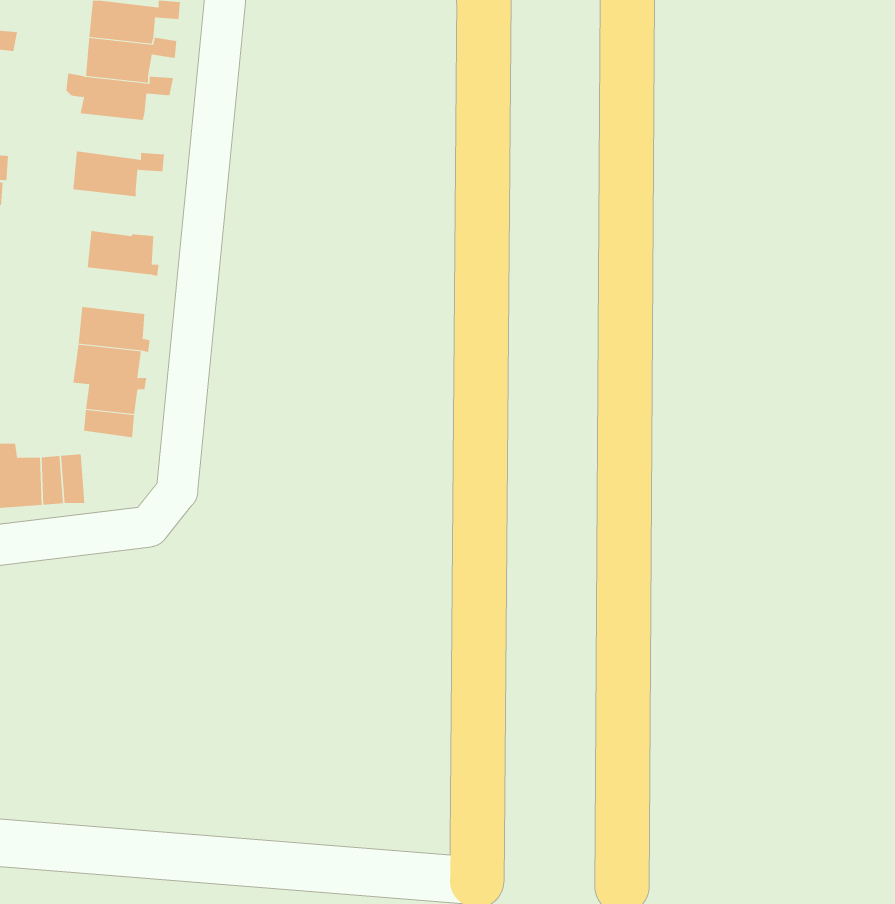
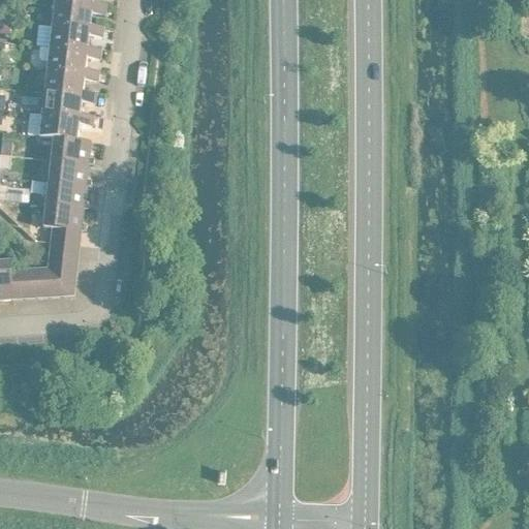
building: none -> [44,67,98,94]
building: none -> [39,112,93,138]
building: none -> [48,157,91,184]
building: none -> [48,266,75,294]

